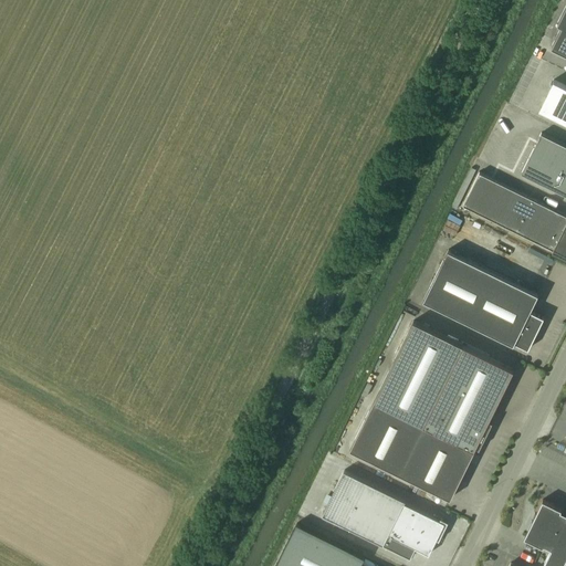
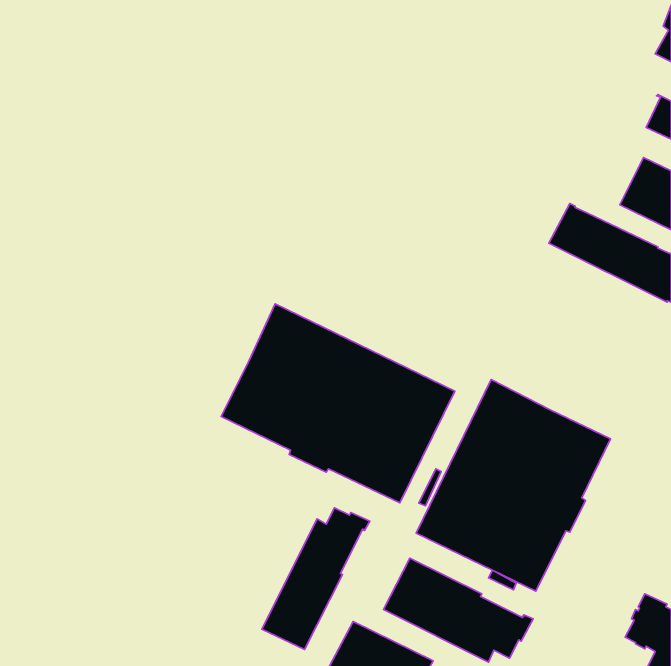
building: [423,254,544,353] -> none
building: none -> [221,304,455,503]
building: none -> [262,508,370,650]

